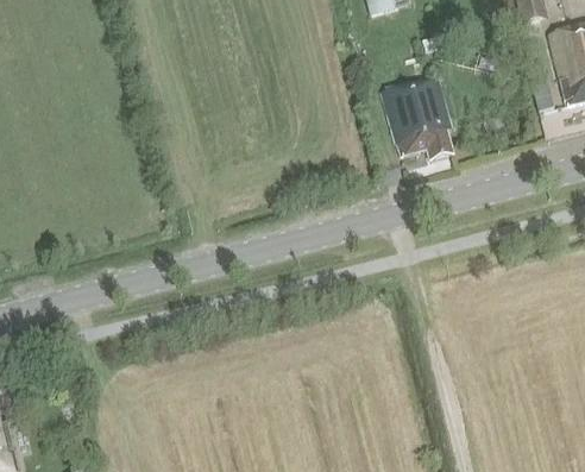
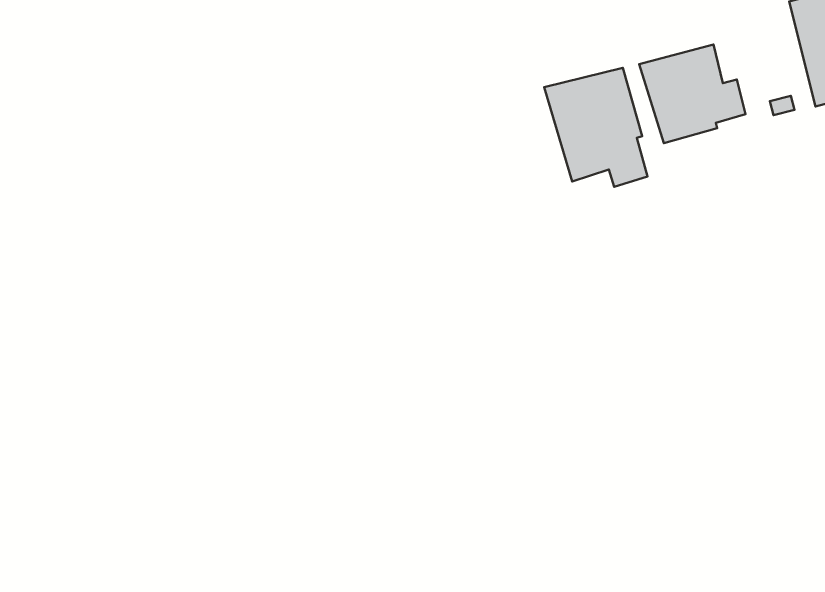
building: none -> [639,45,746,143]

